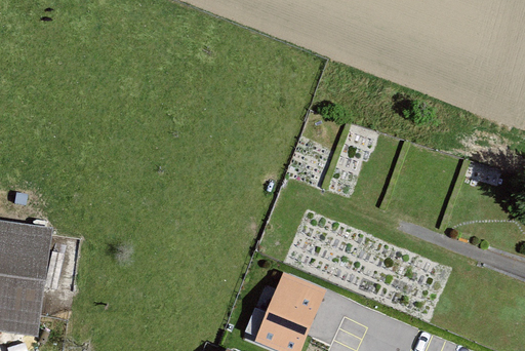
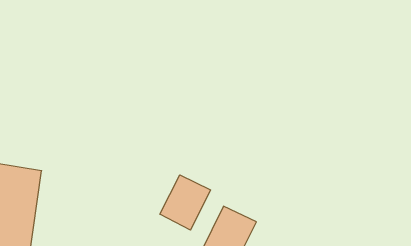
building: none -> [160,175,211,230]

